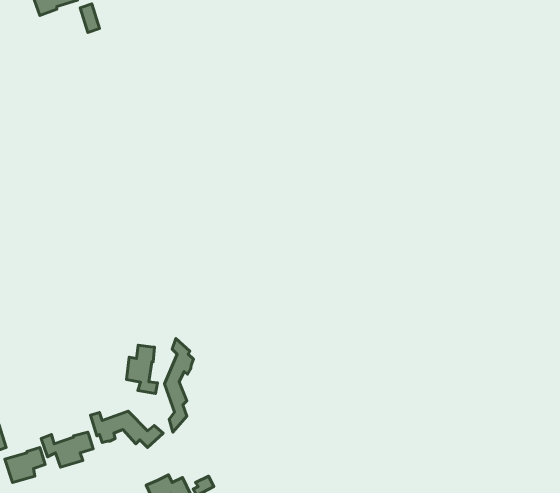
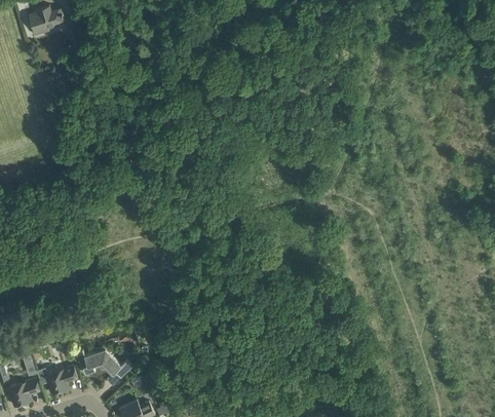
building: [165,339,193,432] -> none
building: [126,345,158,393] -> none

